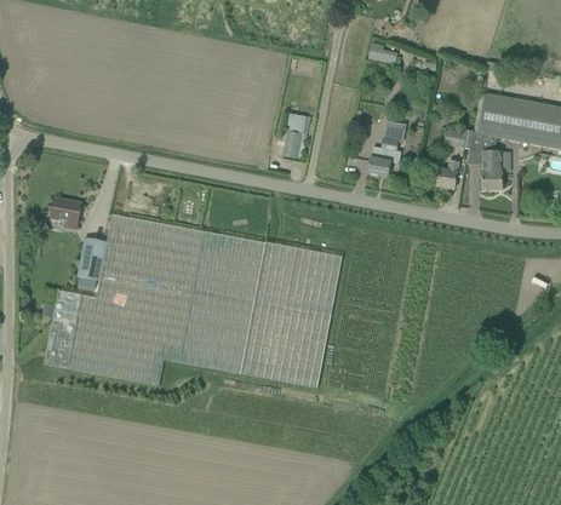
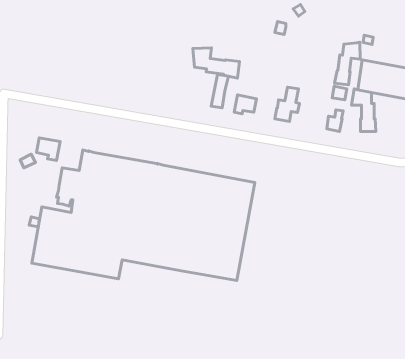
building: none -> [335,42,360,85]
building: none -> [193,48,240,78]
building: none -> [234,95,256,114]

